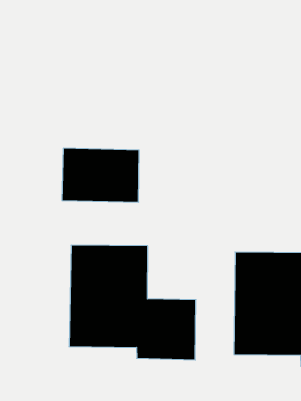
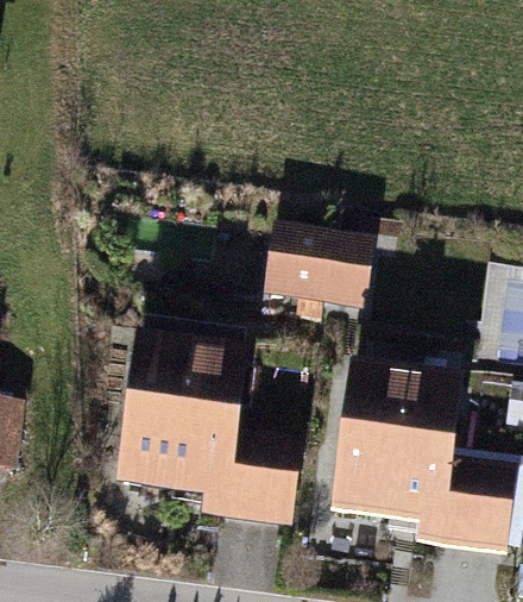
building: [62,148,139,202] -> [265,225,372,305]

